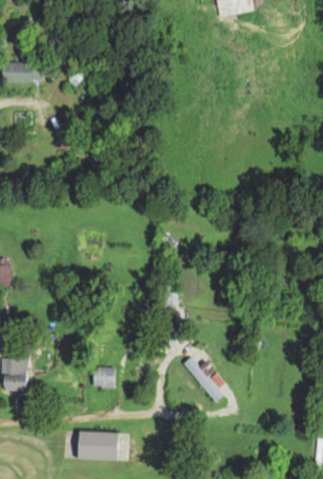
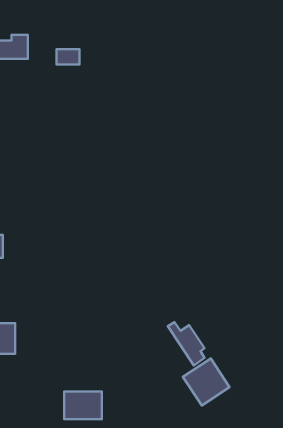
building: [94,368,117,388] -> none
building: none -> [183,359,230,406]

